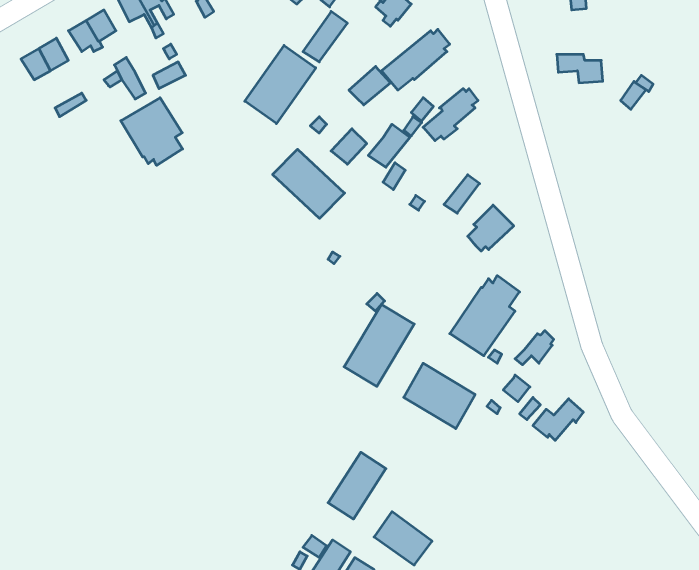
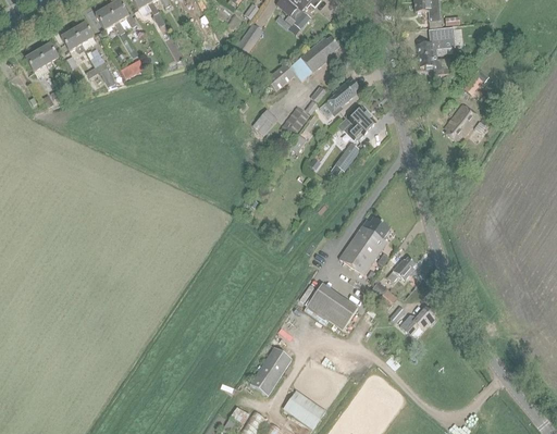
building: none -> [416,26,453,53]
building: [245,45,316,124] -> none
building: [121,98,183,165] -> none
building: none -> [445,103,478,139]
building: [273,149,345,218] -> none
building: [468,205,514,251] -> [343,106,376,139]
building: [344,304,414,386] -> none

